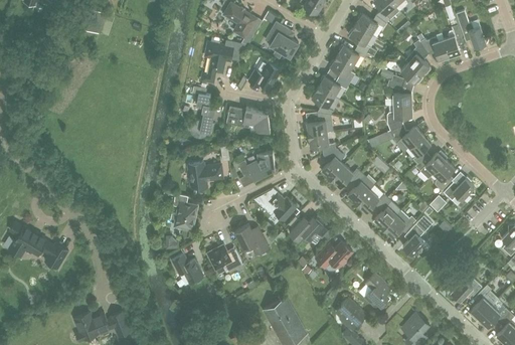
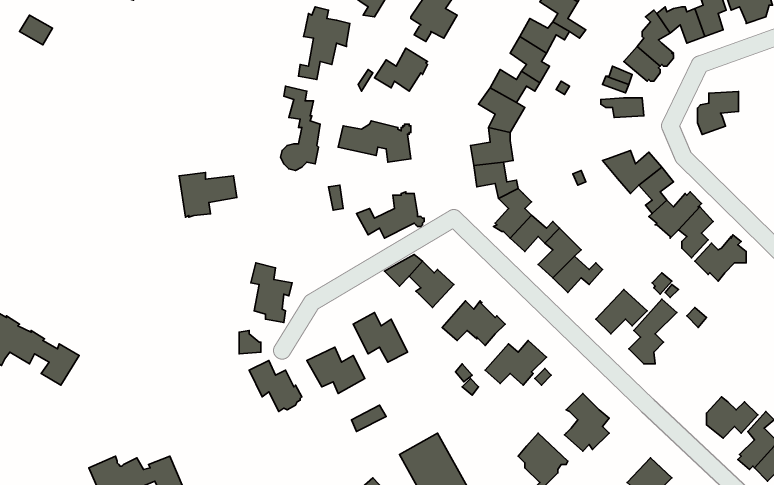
building: [386,104,411,130] -> [697,92,739,135]
building: [187,162,222,189] -> [179,173,237,217]
building: [373,197,399,227] -> none

